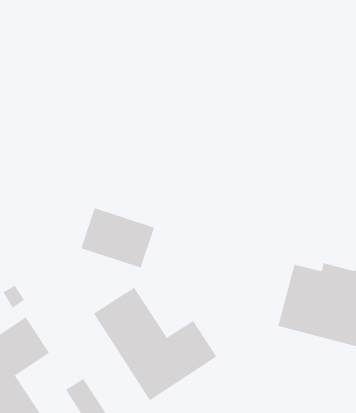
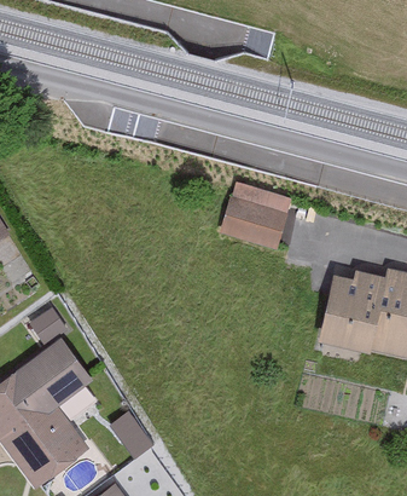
building: [80,208,155,268] -> [219,194,292,252]
building: [93,287,217,401] -> none

